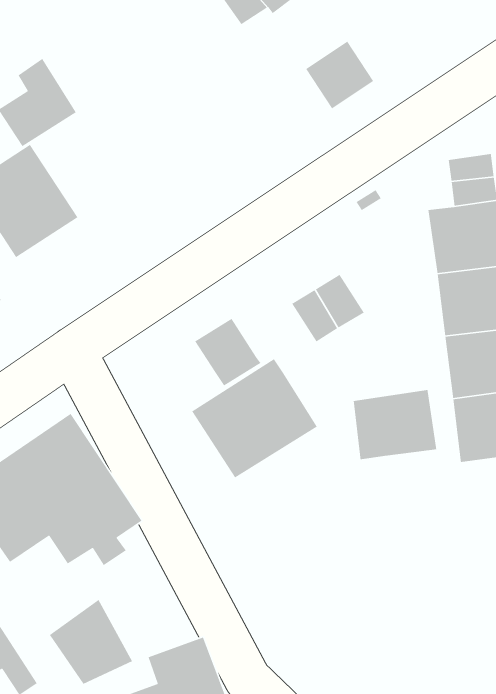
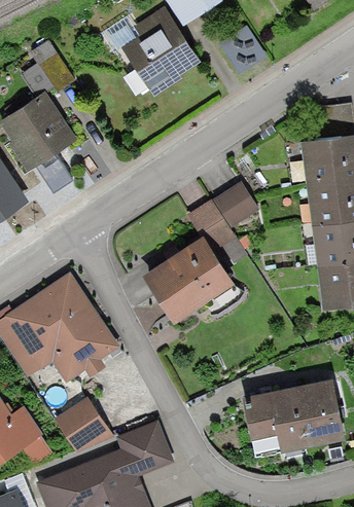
building: none -> [121,13,198,99]
building: [194,318,262,386] -> [190,203,235,248]
building: [353,389,437,460] -> none
building: none -> [243,384,342,451]

